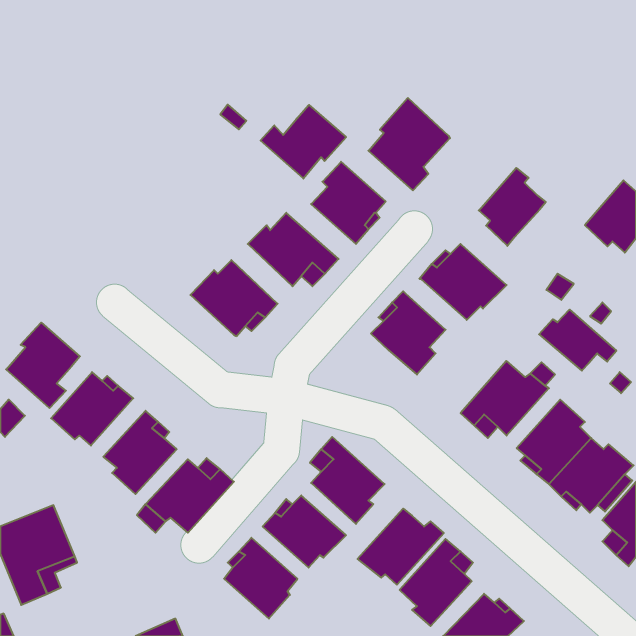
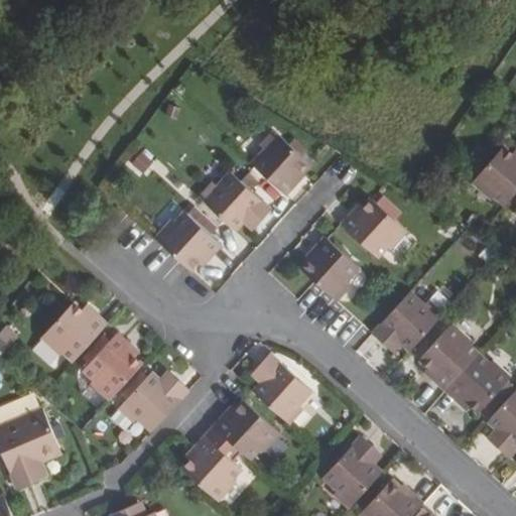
building: [368,98,450,190] -> none
building: [261,105,346,179] -> none
building: [479,168,546,246] -> none
building: [539,310,616,371] -> none
building: [6,323,80,408] -> none
building: [358,509,444,585] -> none

